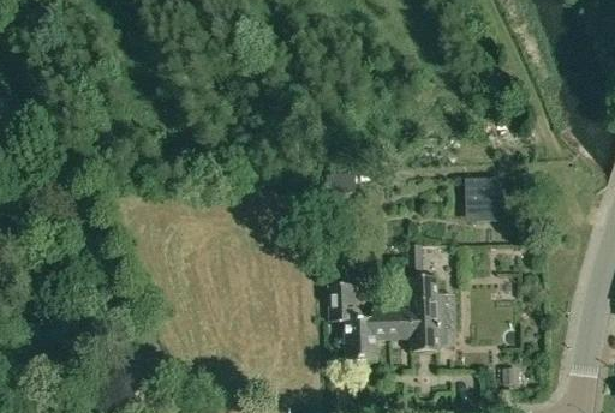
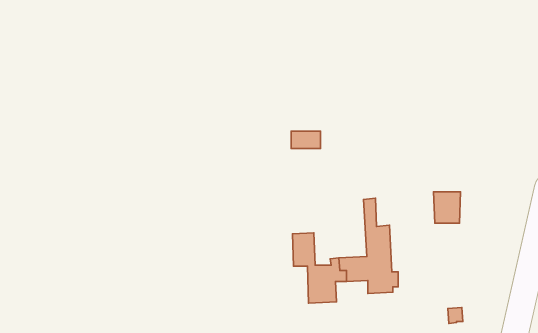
building: [465,175,495,210] -> [434,192,461,223]

